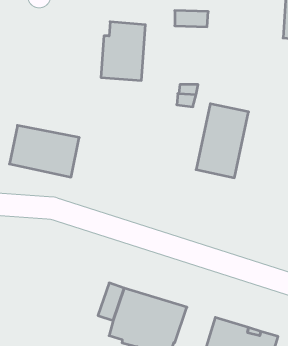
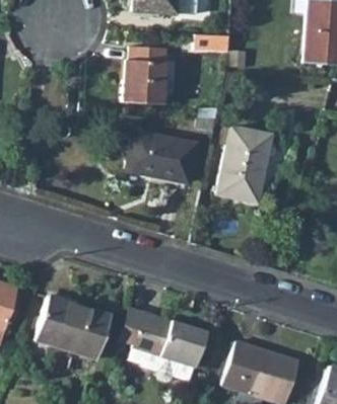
building: [9,125,79,177] -> [126,132,196,183]
building: none -> [35,295,112,359]

